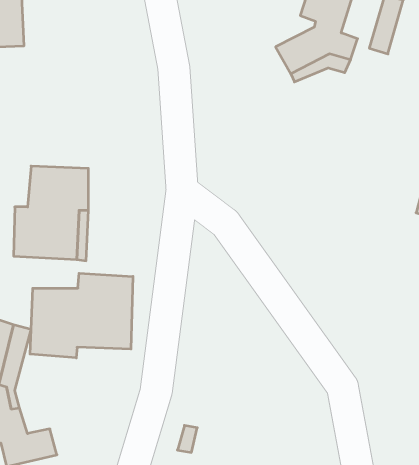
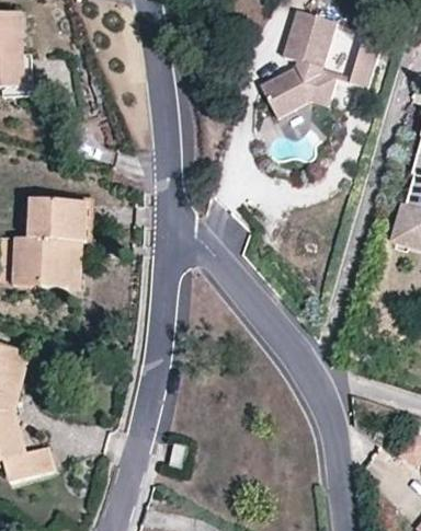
building: [30,273,133,358] -> none

